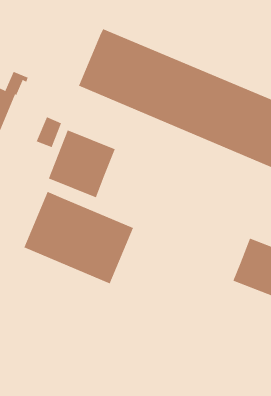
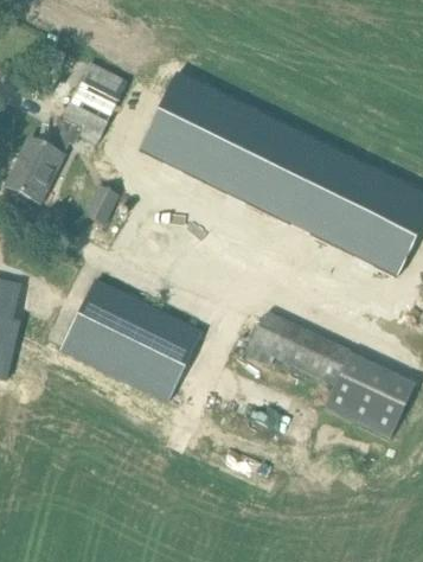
building: none -> [60,63,120,139]
building: [48,130,115,198] -> none
building: none -> [250,315,350,385]

